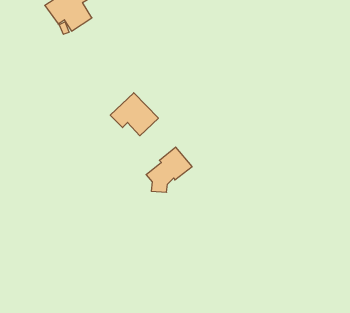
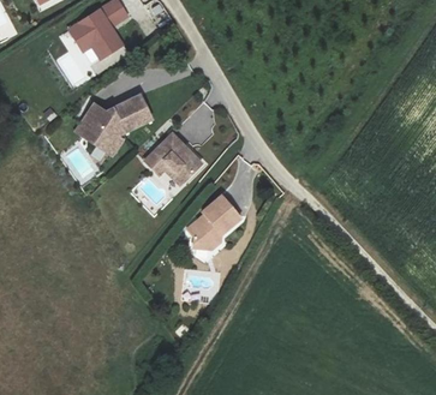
building: none -> [76,94,153,155]

